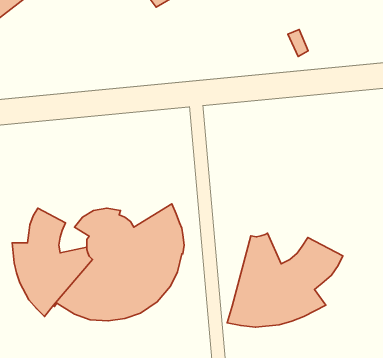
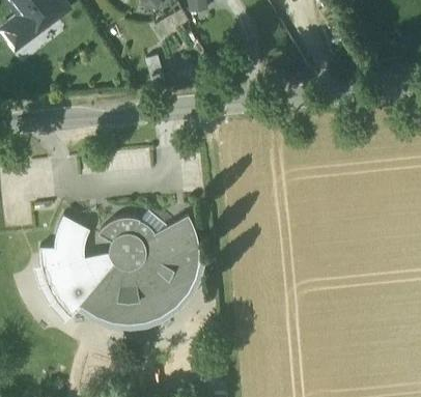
building: [227,233,343,327] -> none

